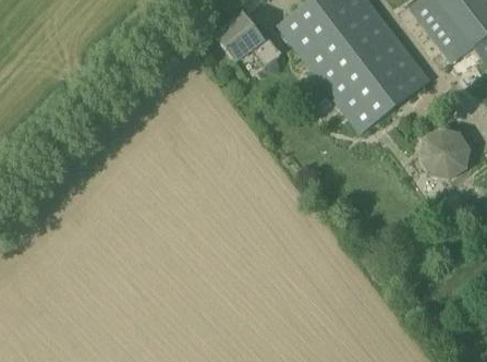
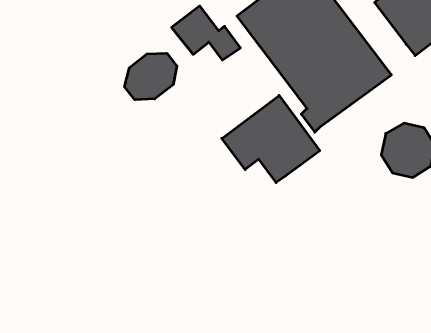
building: none -> [125,53,177,100]
building: none -> [222,95,320,183]

